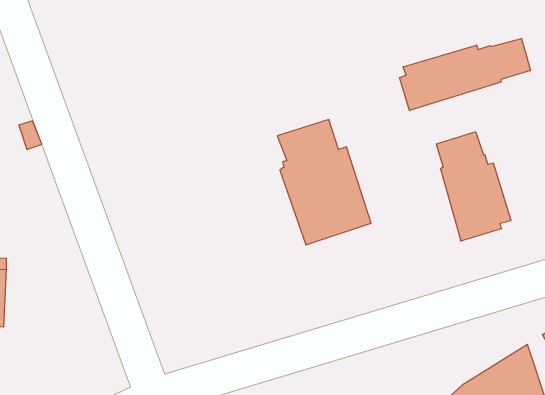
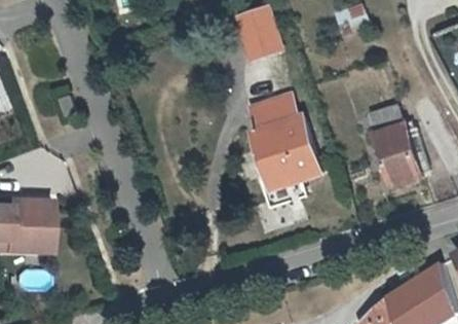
building: none -> [235,8,276,59]
building: [400,38,530,111] -> none

